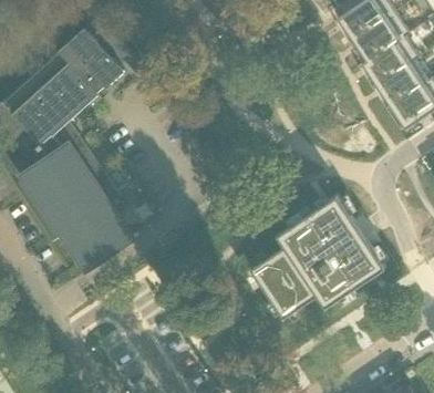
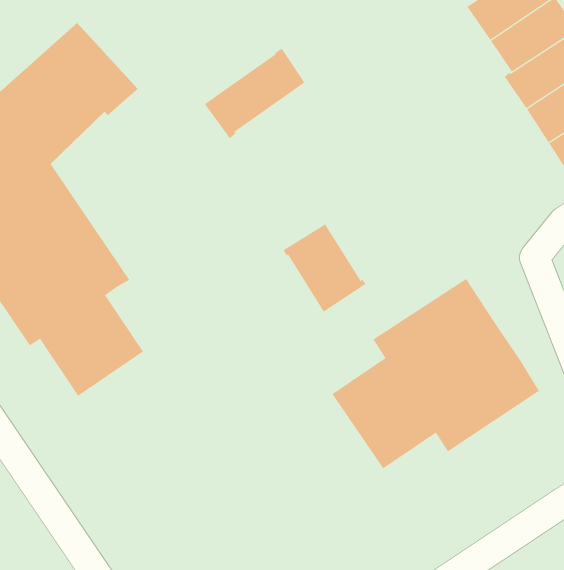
building: none -> [205,48,305,139]
building: none -> [283,224,366,312]

